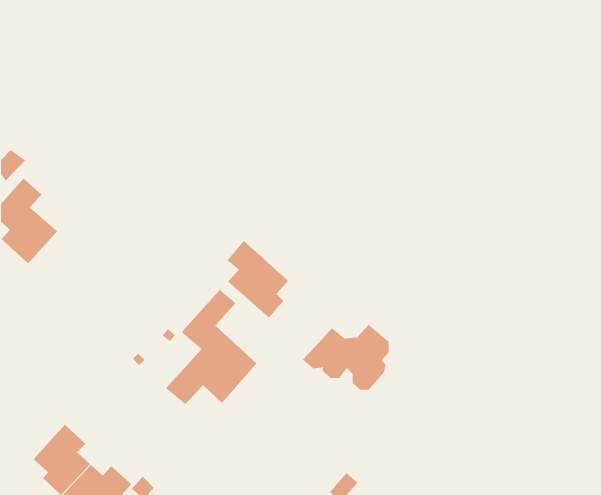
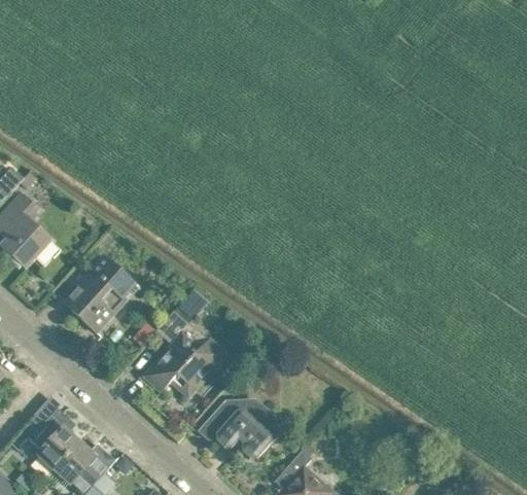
building: [226,240,289,319] -> none
building: none -> [55,257,128,332]
building: [302,324,390,390] -> [199,400,275,458]

